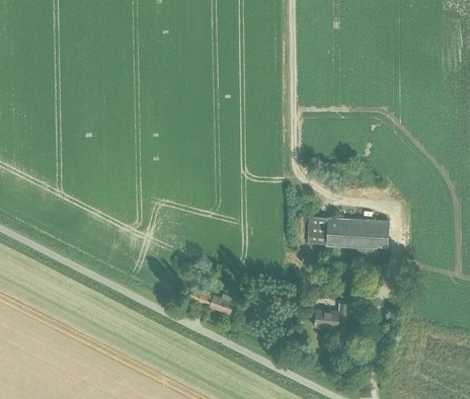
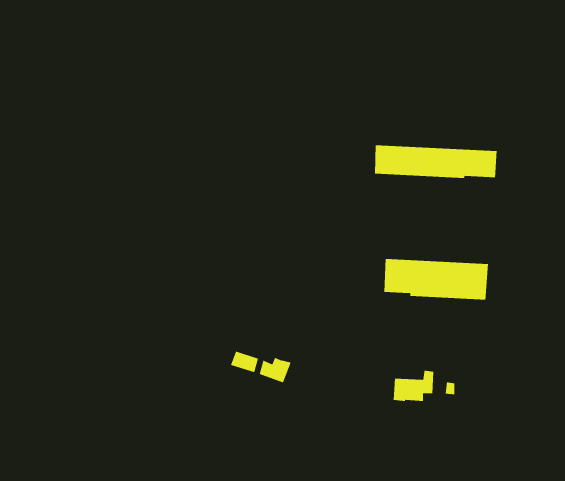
building: none -> [375,144,497,179]

